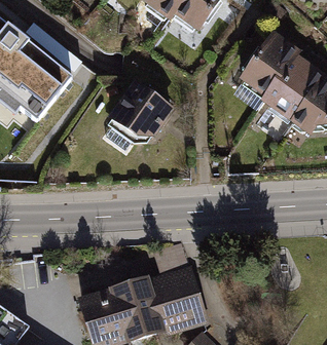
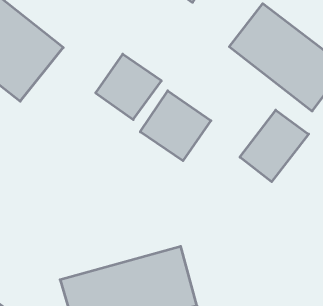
building: none -> [140,91,211,161]
building: none -> [240,110,309,182]

